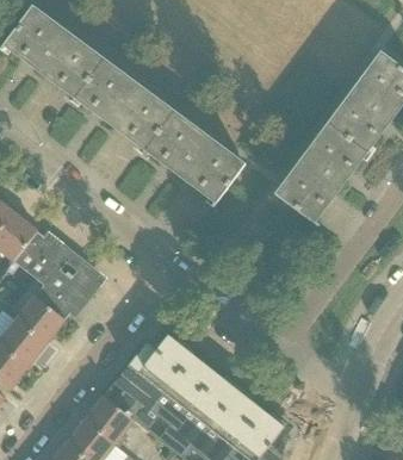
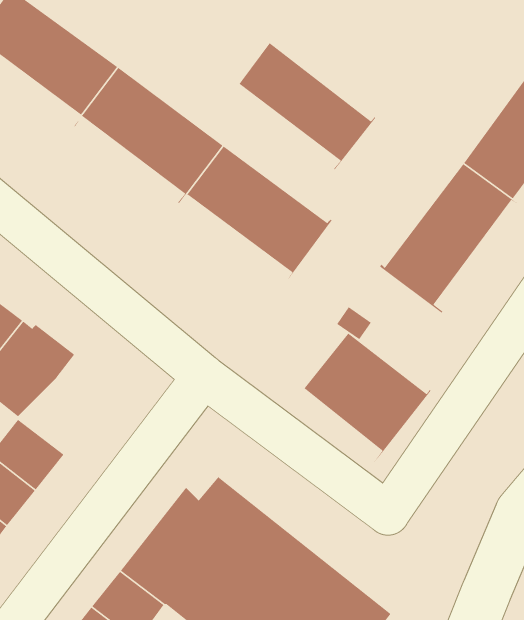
building: none -> [232,42,377,171]
building: none -> [295,332,432,463]
building: [35,268,93,319] -> none

